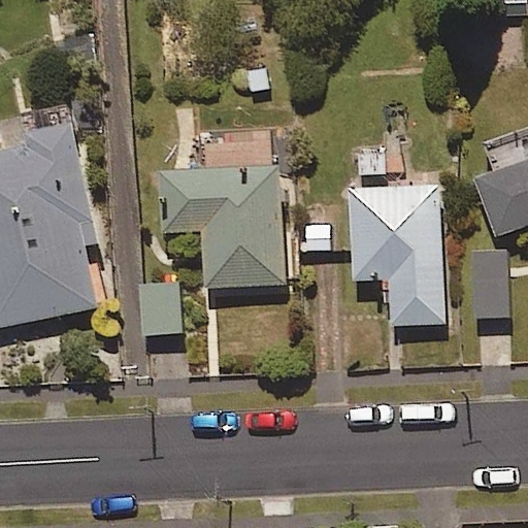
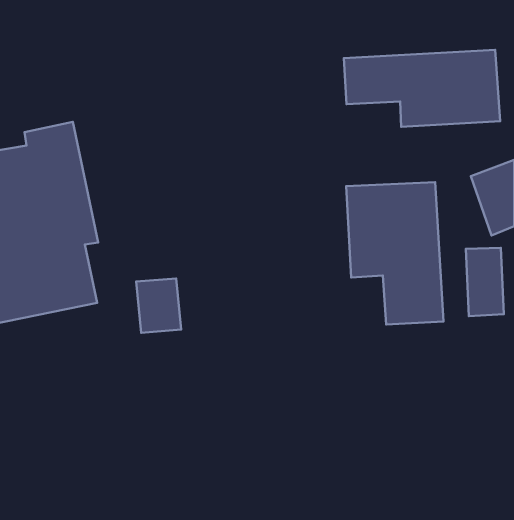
building: none -> [344,50,500,127]
building: [159,167,280,286] -> none

